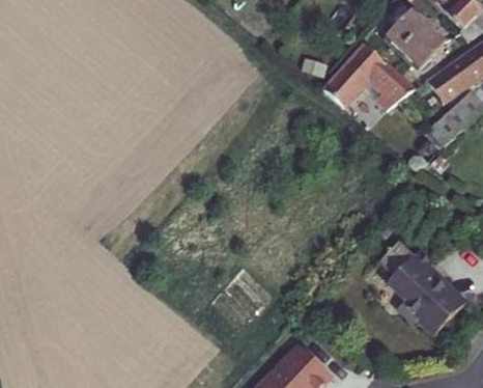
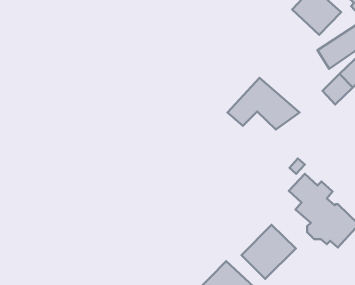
building: [325,45,414,108] -> [228,78,299,129]
building: none -> [242,225,296,279]

